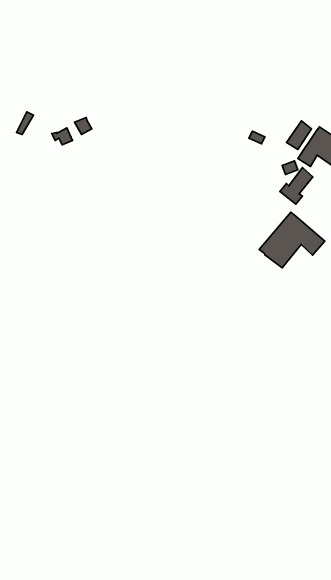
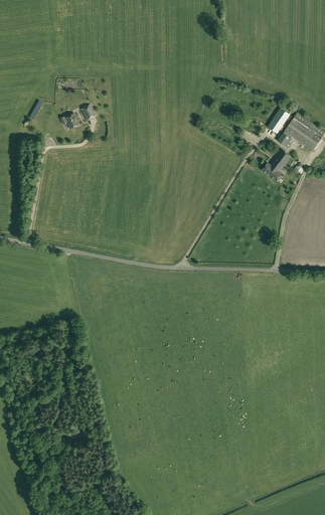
building: [259,212,325,268] -> none

